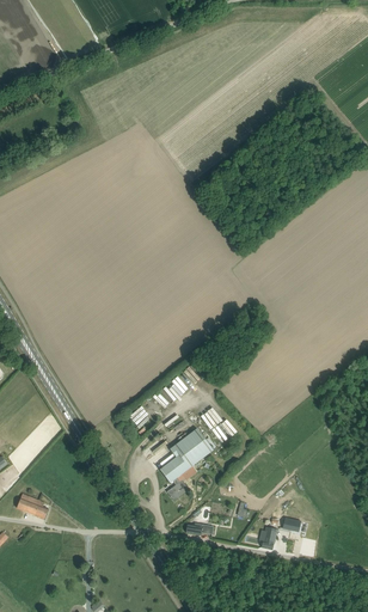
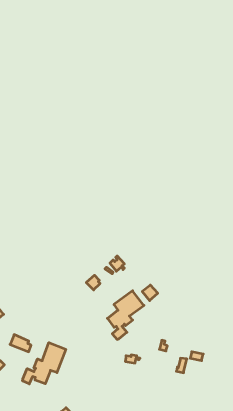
building: none -> [23,343,66,384]

